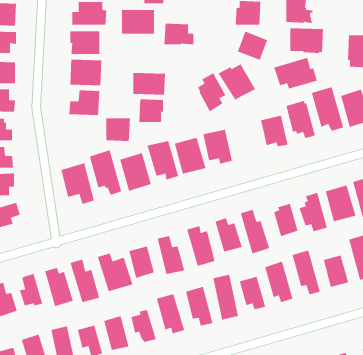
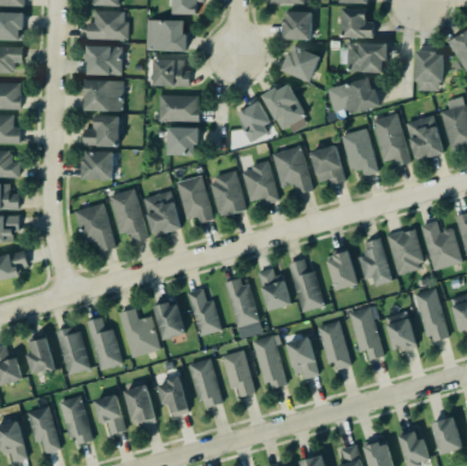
building: [164,23,194,45] -> [153,59,189,85]
building: none -> [273,146,314,195]
building: [105,117,131,142] -> [84,152,114,181]

